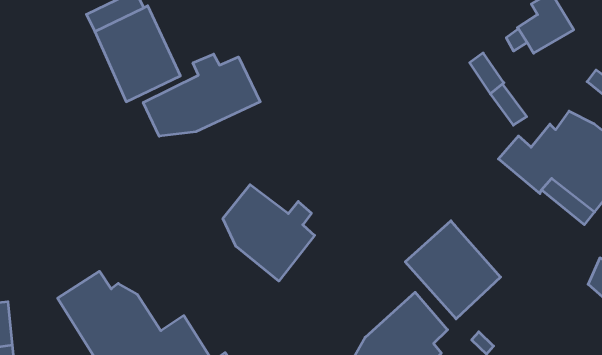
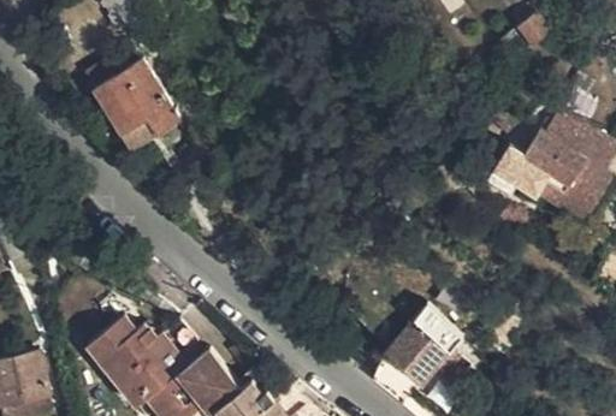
building: [143,54,260,136] -> none
building: [223,185,315,281] -> none
building: [405,221,501,319] -> none

